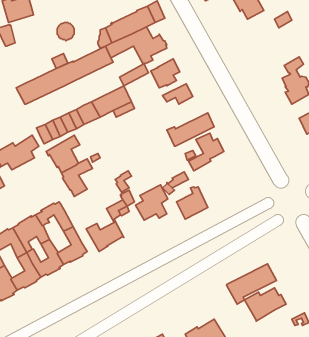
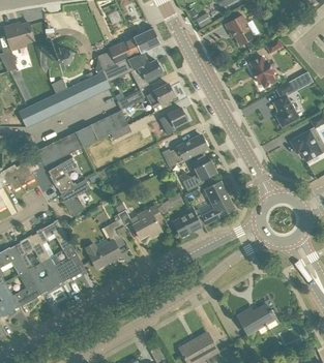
building: none -> [249,55,275,86]
building: none -> [194,179,235,225]
building: [227,264,277,304] -> none

